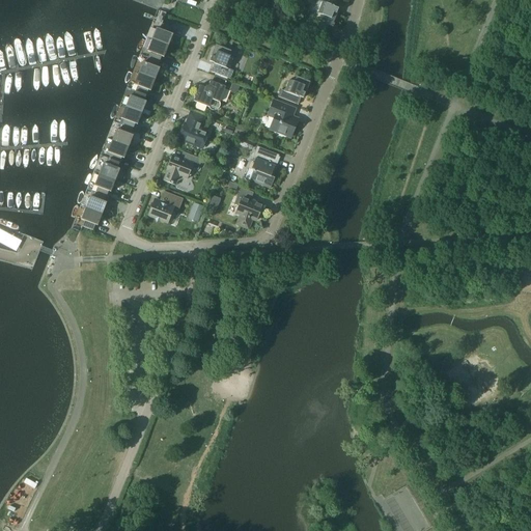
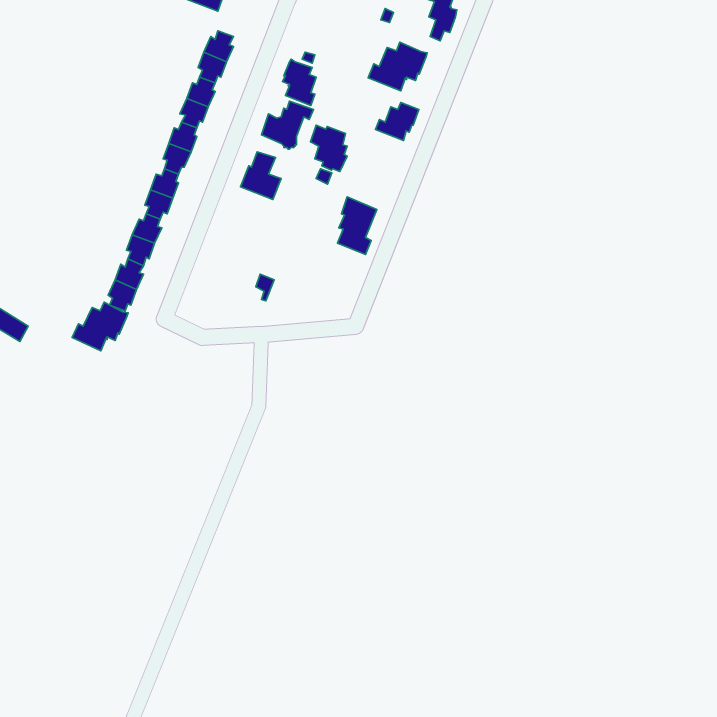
building: none -> [368,42,427,91]
building: [268,102,295,136] -> [310,125,347,172]
building: [163,152,201,185] -> none
building: [233,187,261,228] -> none
building: [147,190,183,223] -> none
building: none -> [72,302,128,351]

